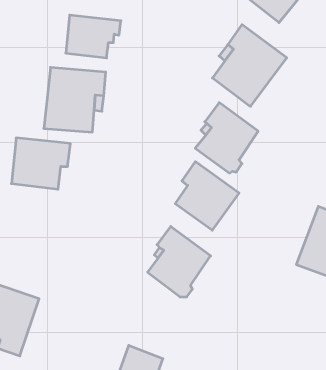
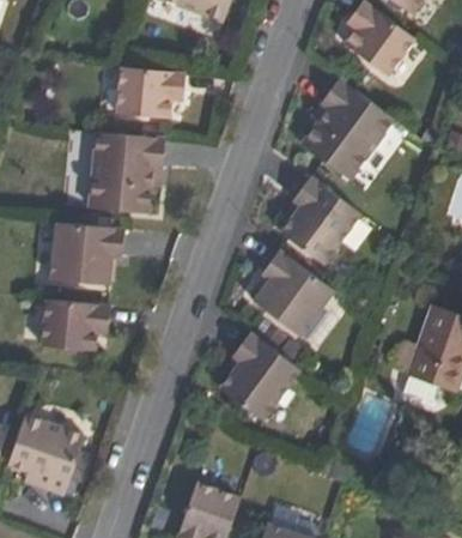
building: none -> [41,298,110,352]

